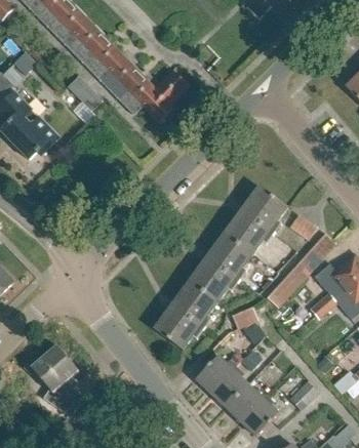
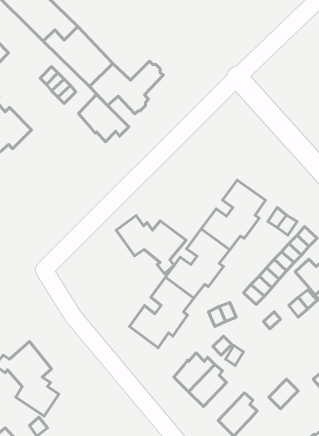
building: none -> [78,95,129,142]
building: none -> [116,215,186,274]
building: [226,383,266,420] -> none

